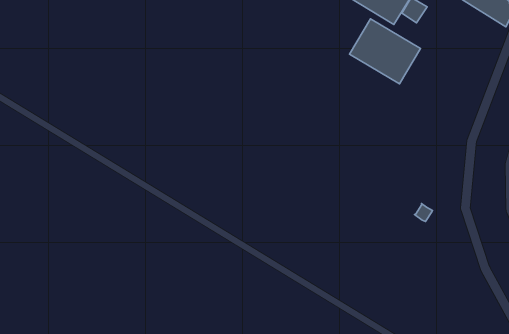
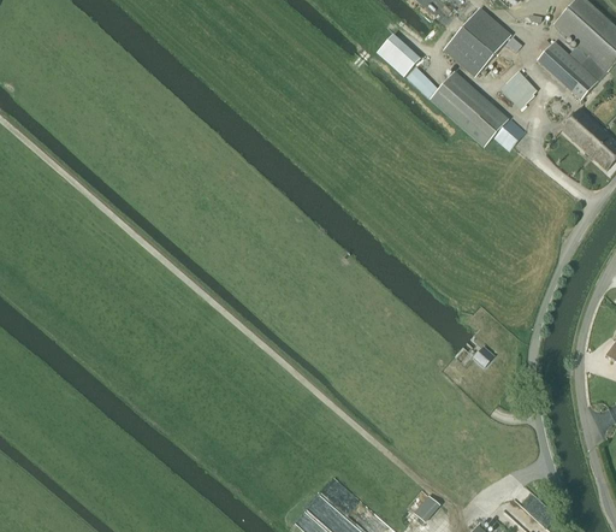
building: [350,19,420,84] -> none

